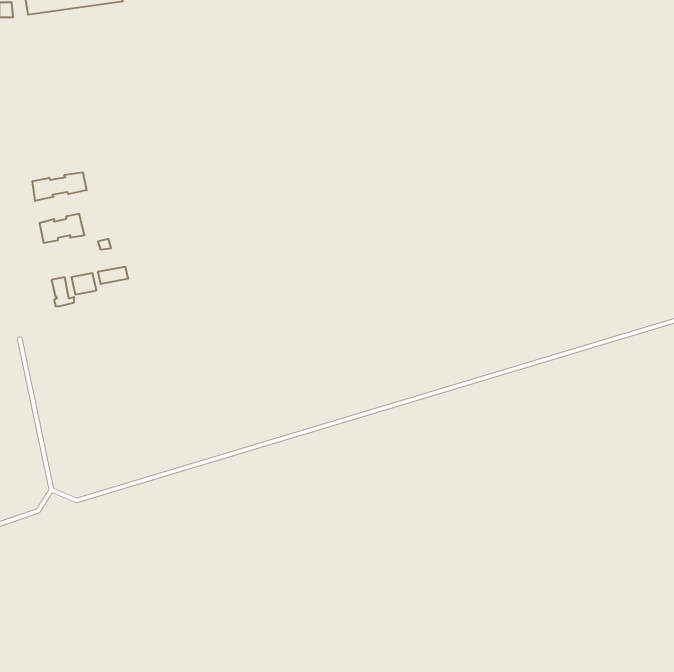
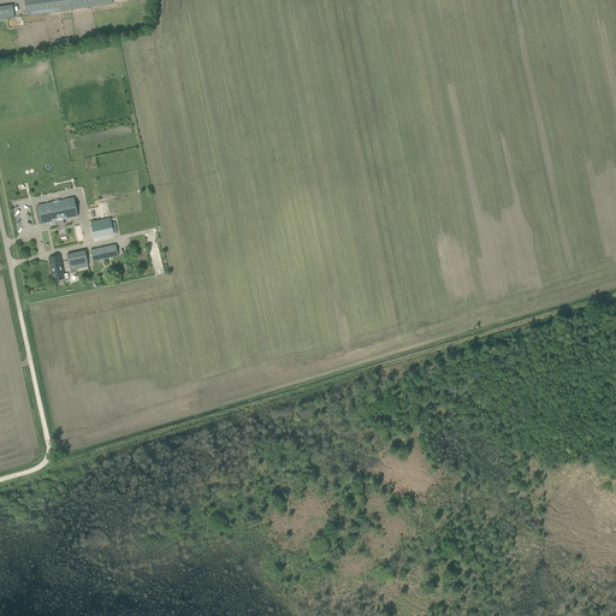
building: [33,172,87,201] -> none

